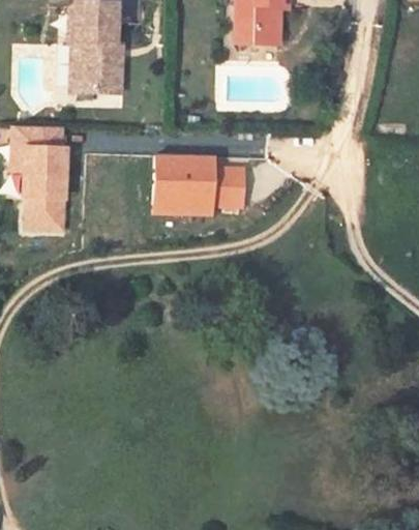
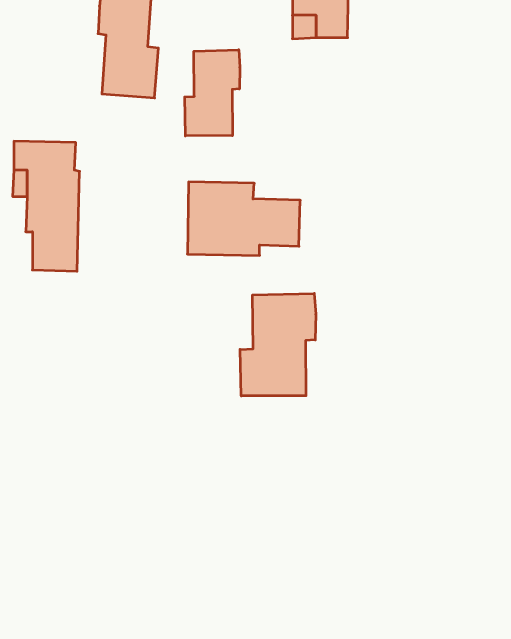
building: none -> [185,50,240,136]
building: none -> [240,293,316,396]

